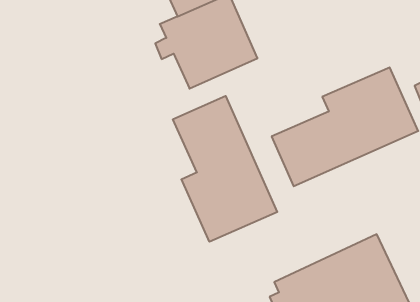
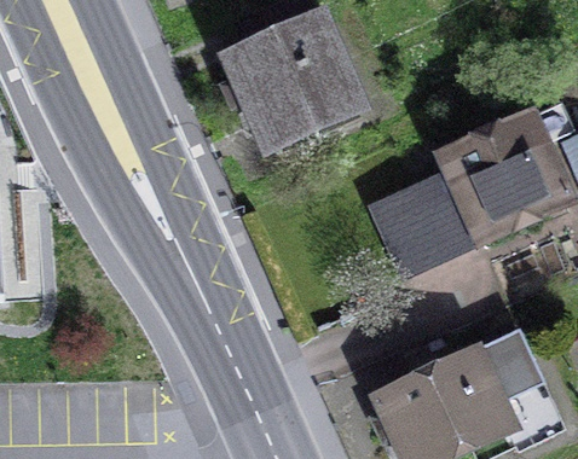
building: [173,96,277,242] -> none

